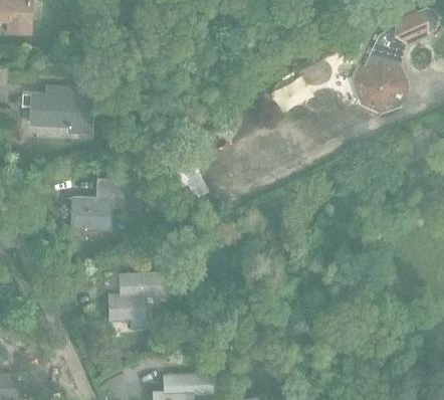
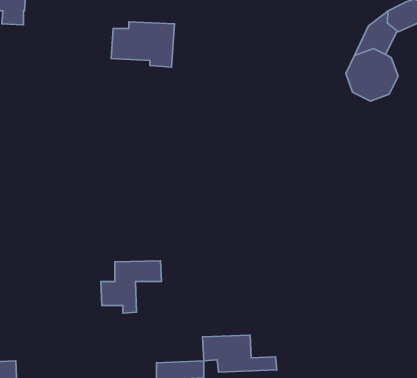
building: [28,87,92,134] -> [111,22,174,67]
building: [69,180,133,231] -> none
building: none -> [203,335,277,372]

